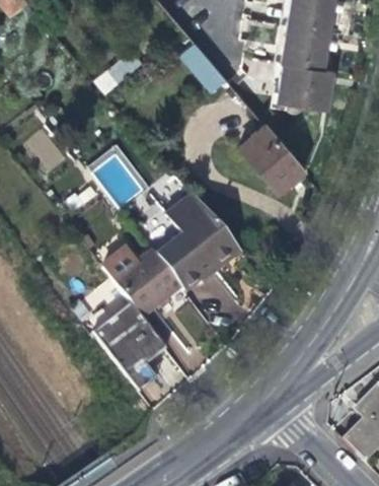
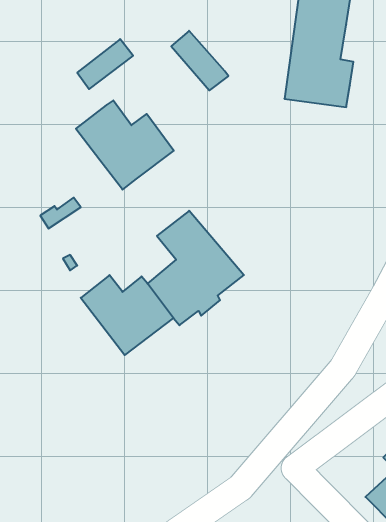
building: none -> [76,100,174,190]
building: [240,123,306,191] -> none
building: [93,302,163,394] -> none

